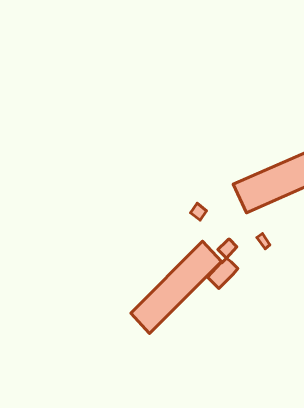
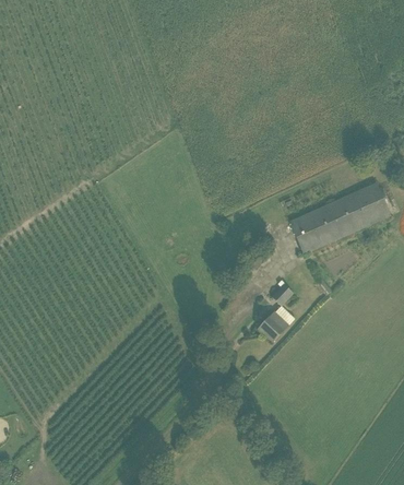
building: [131,241,222,334] -> none

